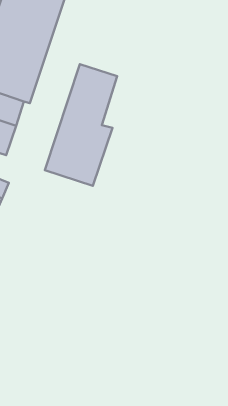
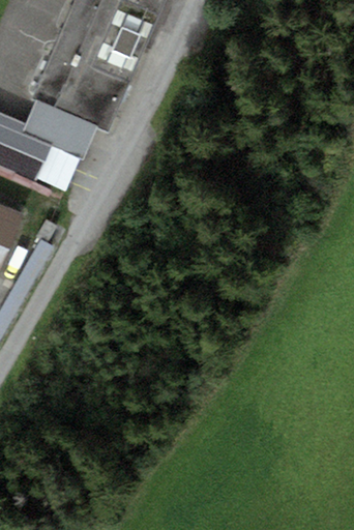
building: [45,64,117,186] -> none

